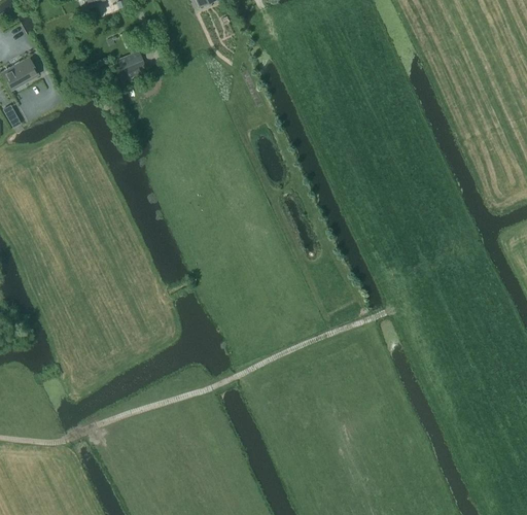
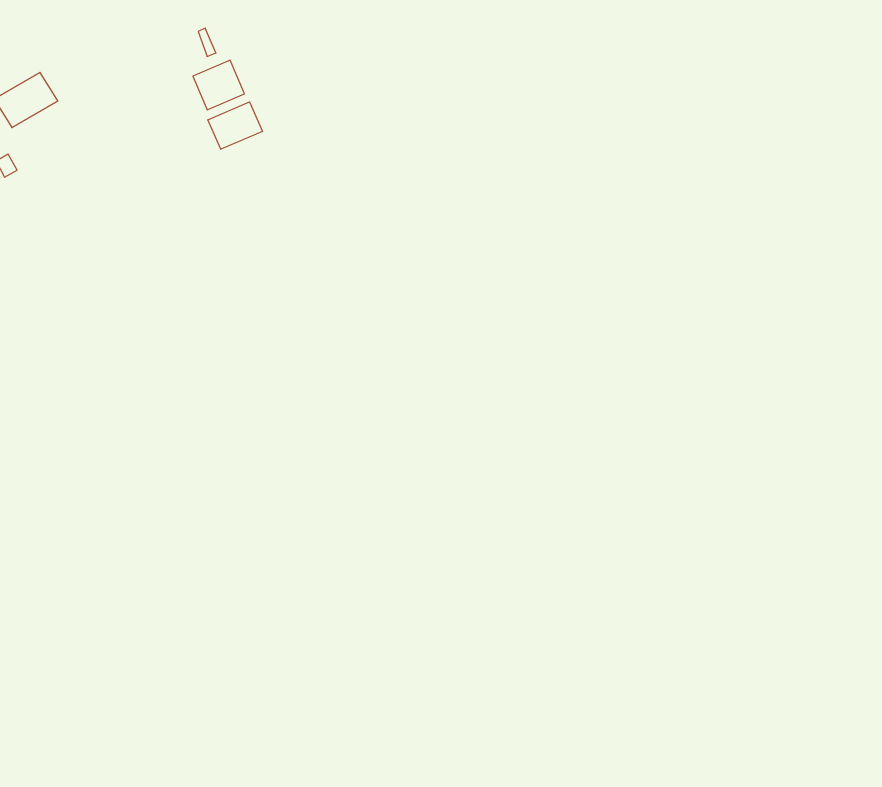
building: none -> [208,102,263,149]

